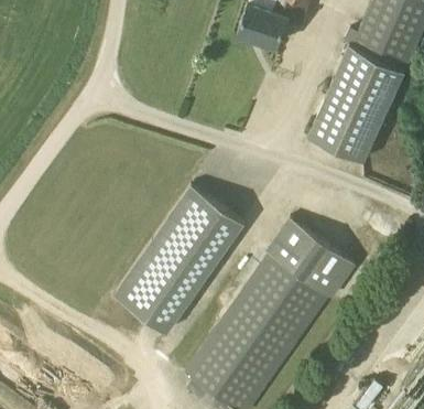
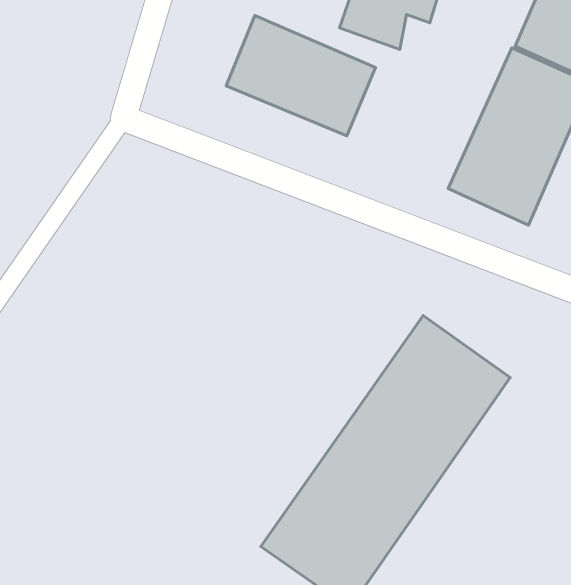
building: none -> [226,15,375,136]
building: [115,187,242,334] -> none

